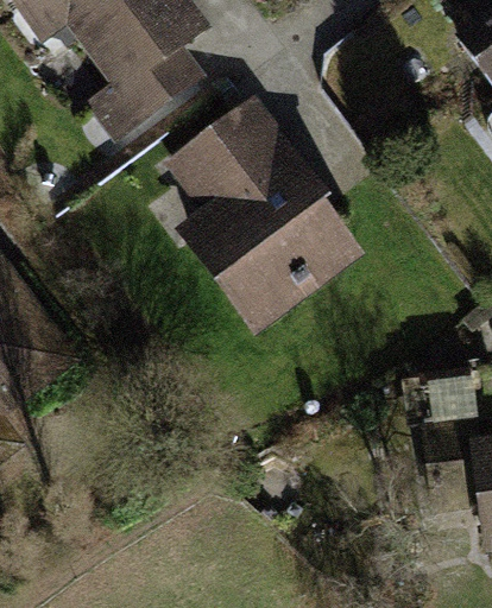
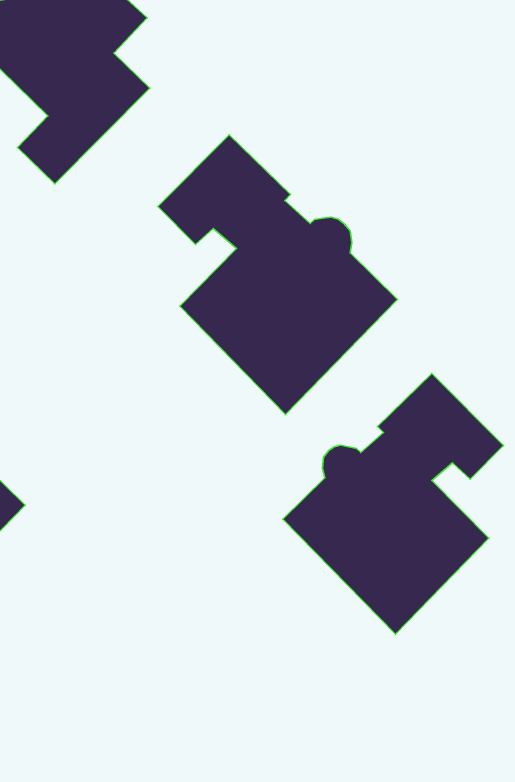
building: none -> [283,374,504,634]

